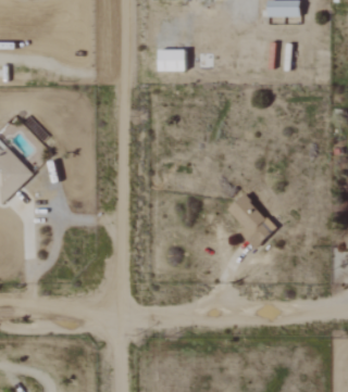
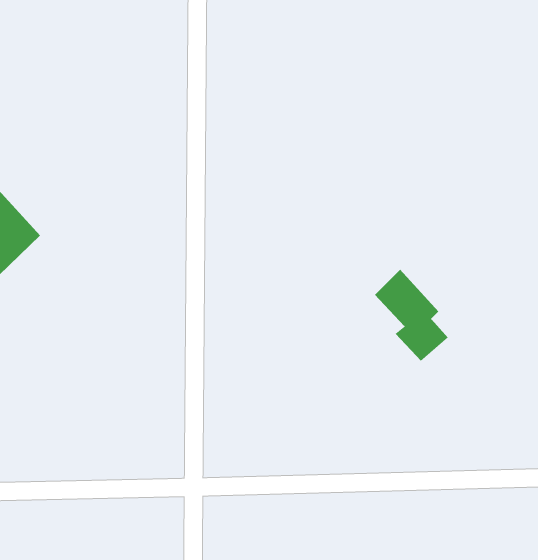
building: [159,49,186,71] -> none

